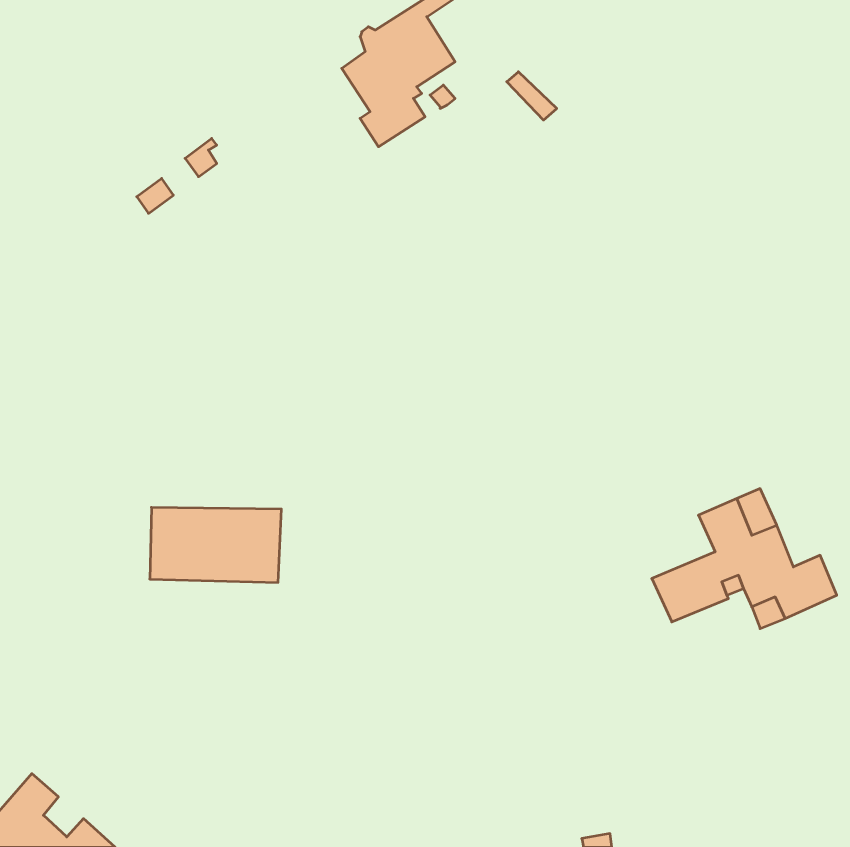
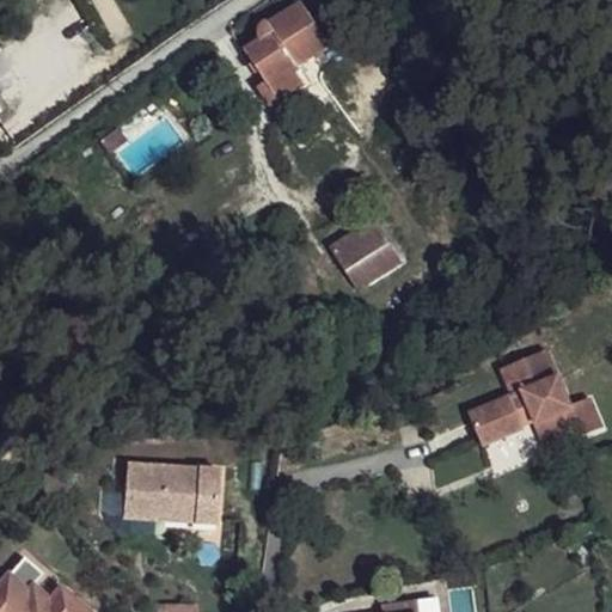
building: none -> [337,215,409,287]
building: [150,507,281,582] -> [122,465,216,519]

